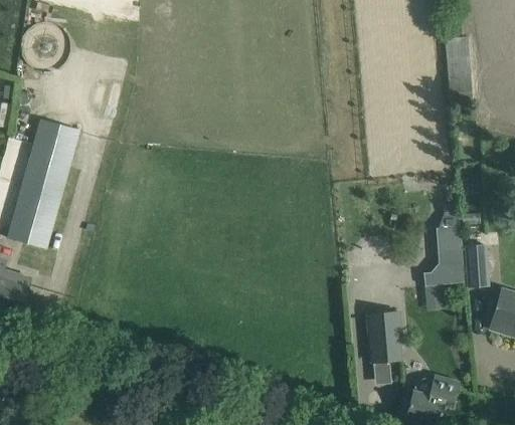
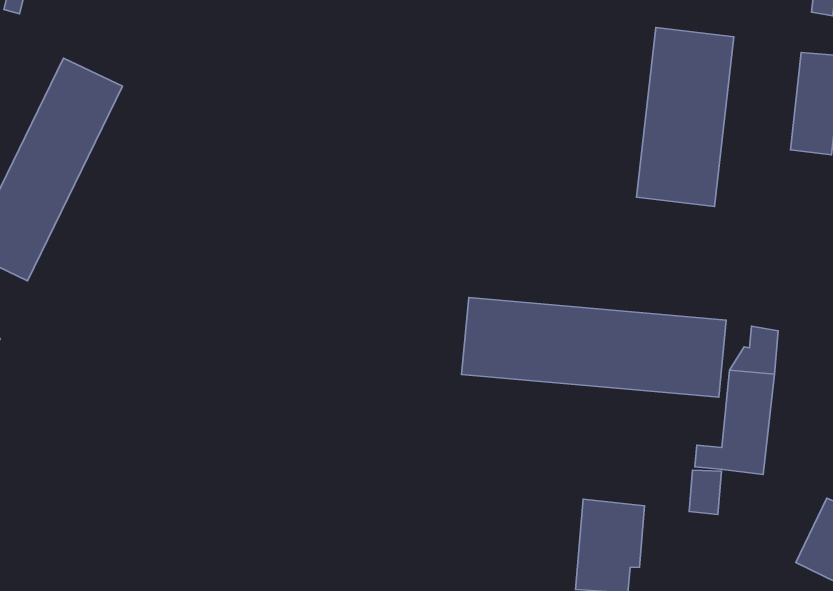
building: none -> [637,28,734,207]
building: none -> [461,298,726,397]
building: [466,245,489,287] -> none

